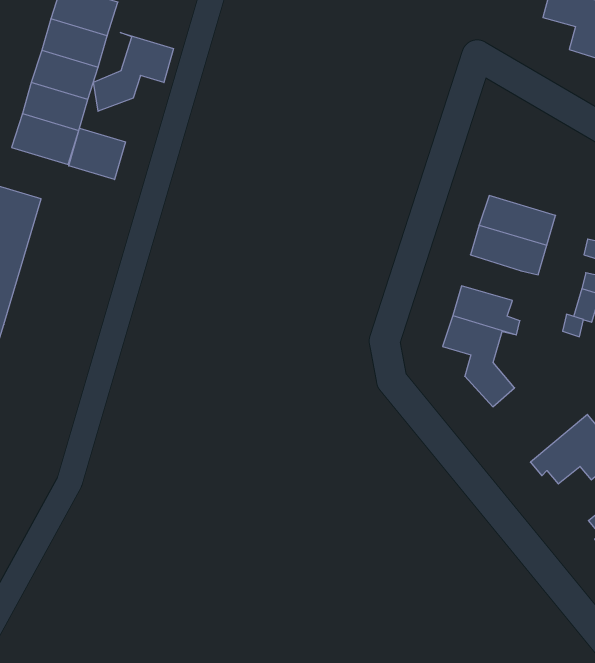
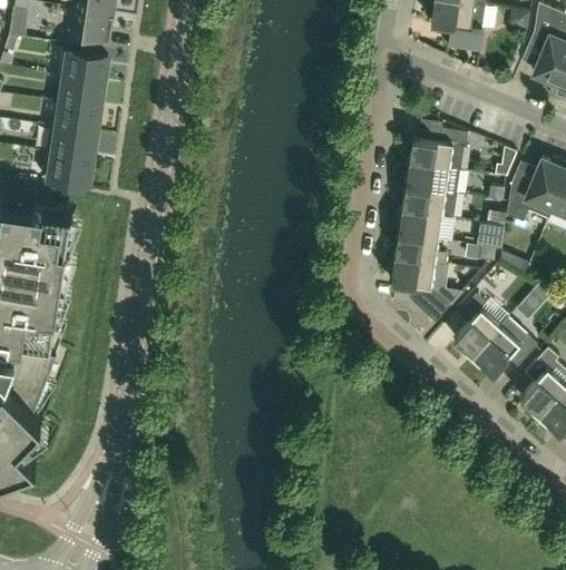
building: [93,33,173,111] -> none
building: [69,128,125,180] -> none
building: none -> [410,128,468,170]
building: none -> [399,209,442,239]
building: none -> [455,294,508,360]

